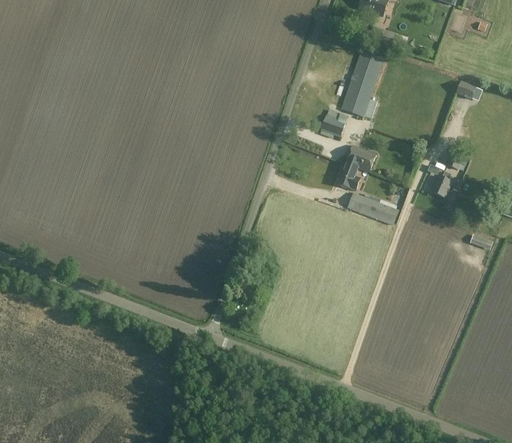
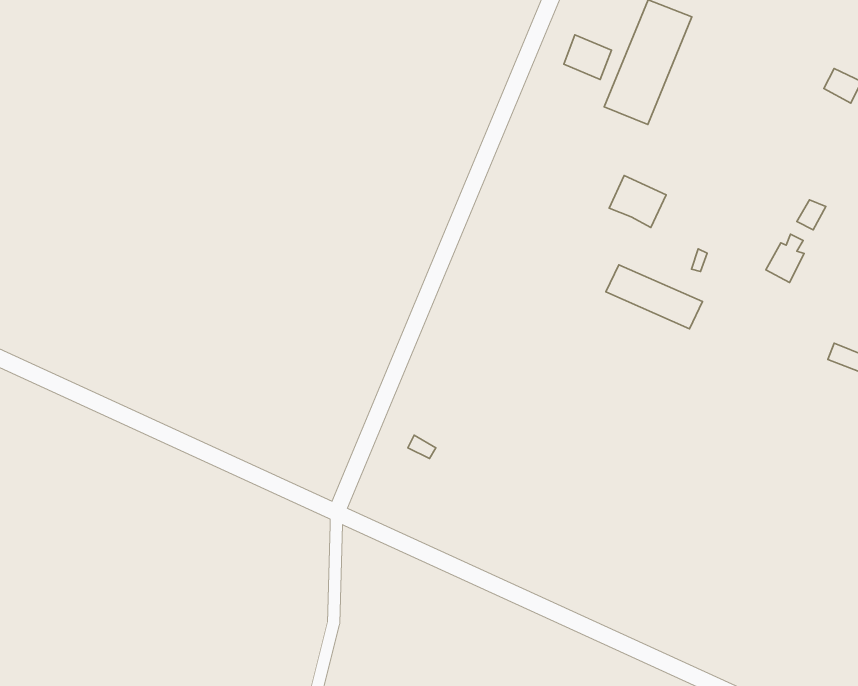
building: [321,114,346,137] -> [564,35,611,79]
building: [338,163,360,190] -> none

